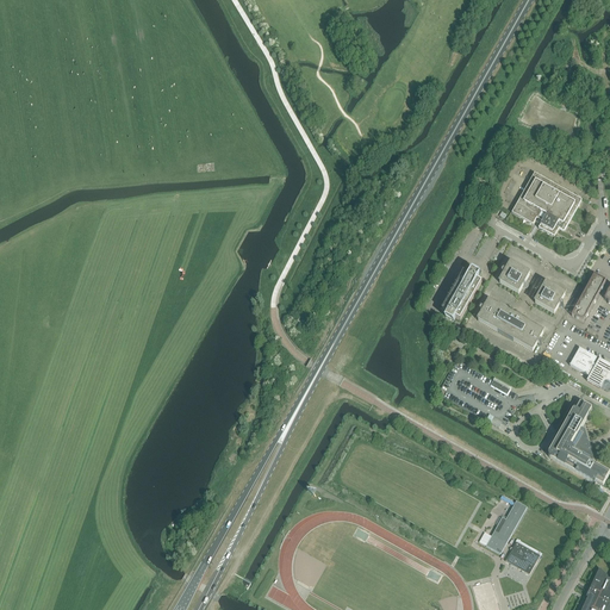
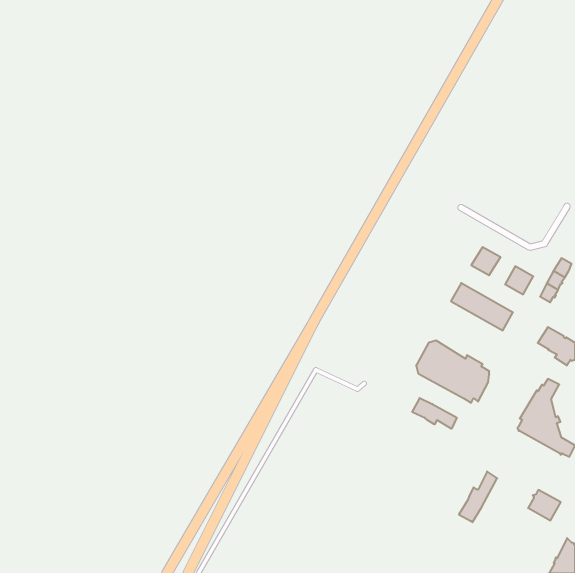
building: [511,170,580,235] -> none
building: [443,269,480,318] -> none
building: none -> [412,398,457,429]
building: [504,540,539,572] -> [528,490,561,520]

